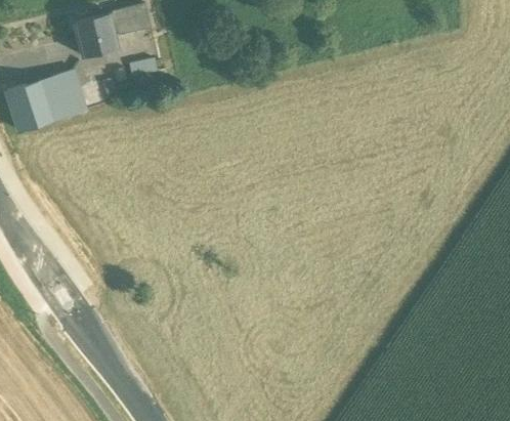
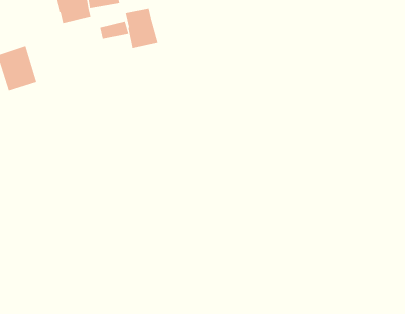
building: none -> [125,8,158,49]
building: [41,70,87,122] -> none

